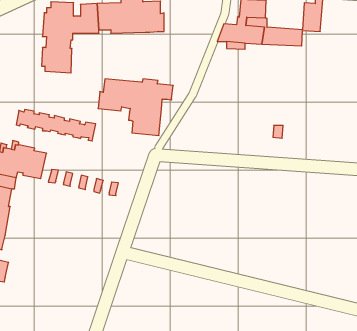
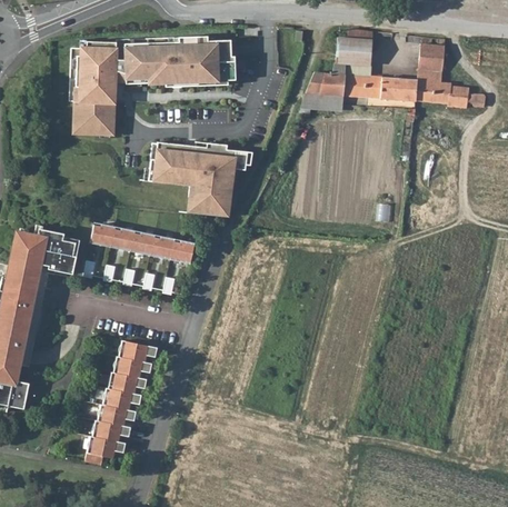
building: none -> [417,80,485,110]
building: [16,110,96,141] -> [91,226,196,267]
building: none -> [82,342,157,466]

